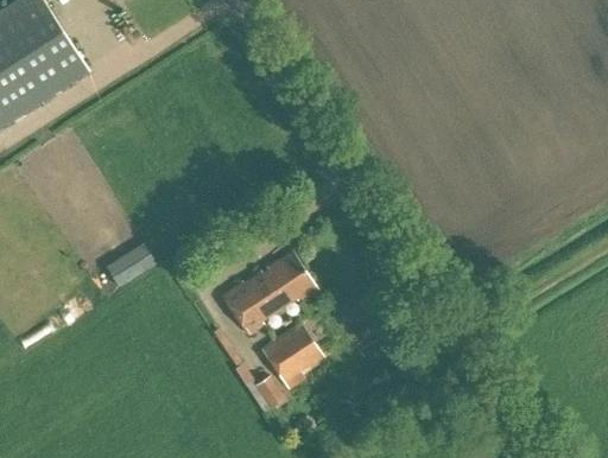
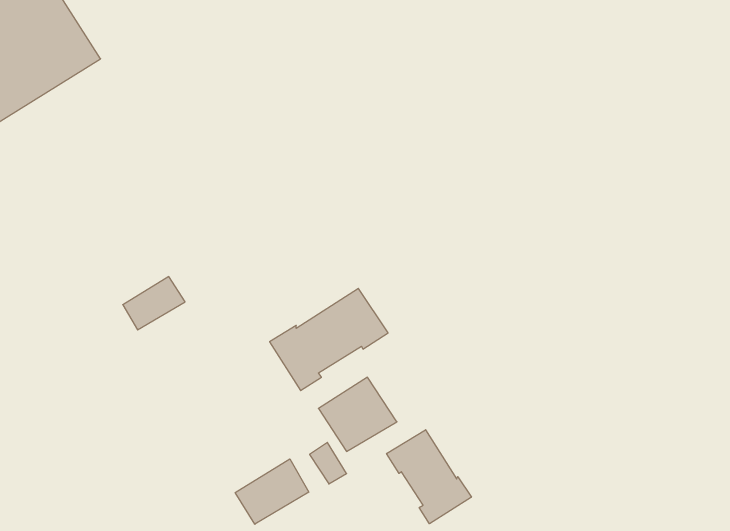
building: none -> [387,430,471,524]
building: none -> [235,459,309,524]

